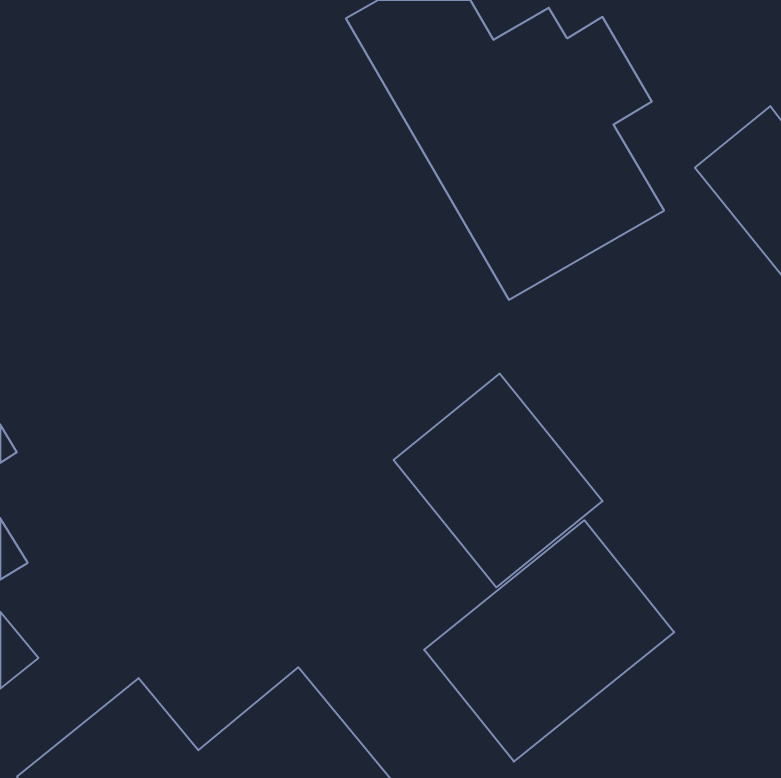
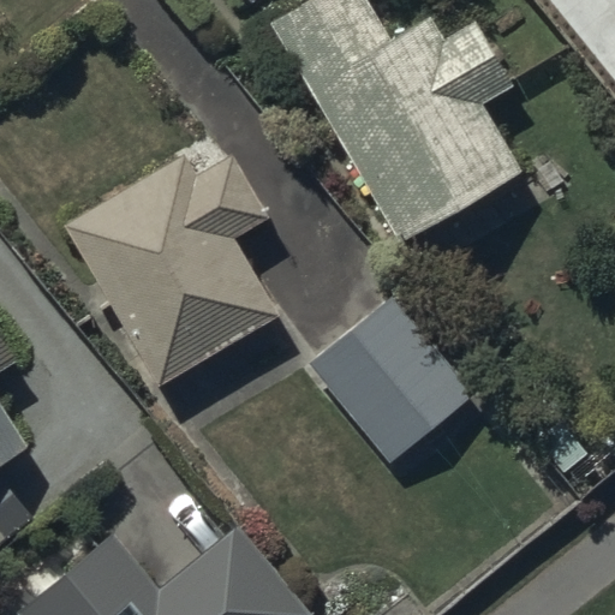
building: none -> [62,151,280,386]
building: [424,520,674,762] -> none

